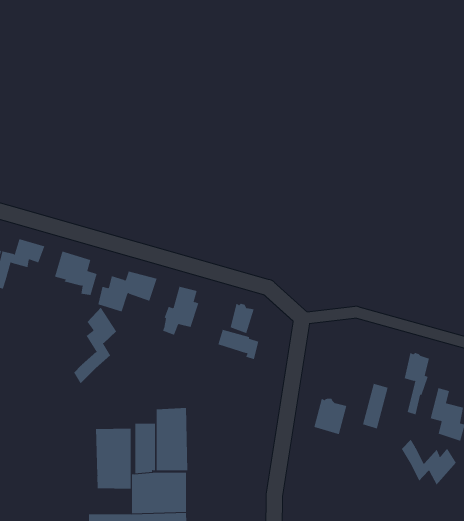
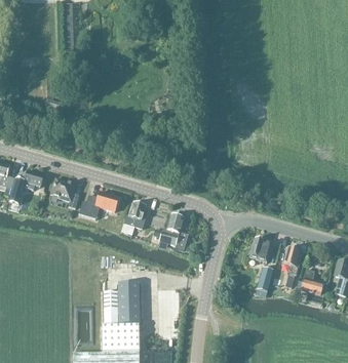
building: [73,307,117,384] -> none
building: [313,398,347,435] -> [249,237,272,261]
building: [96,428,131,490] -> none
building: [401,439,456,485] -> none

